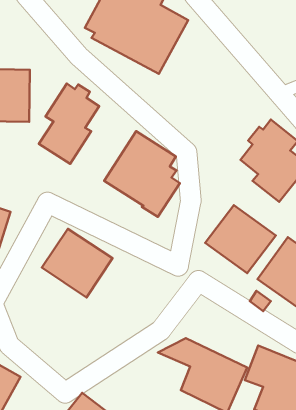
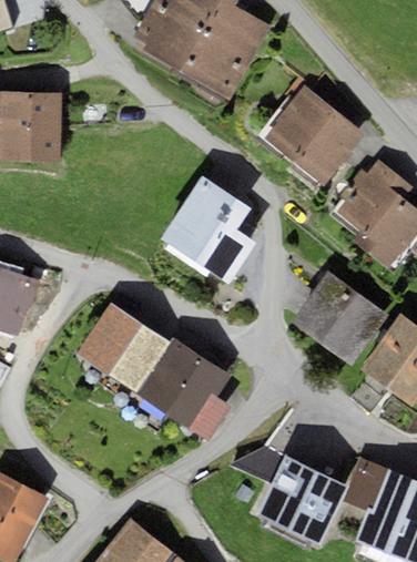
building: none -> [262,88,364,186]
building: [39,83,99,164] -> none
building: none -> [134,337,231,441]

